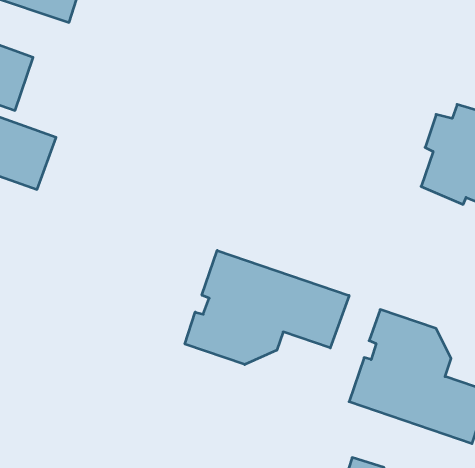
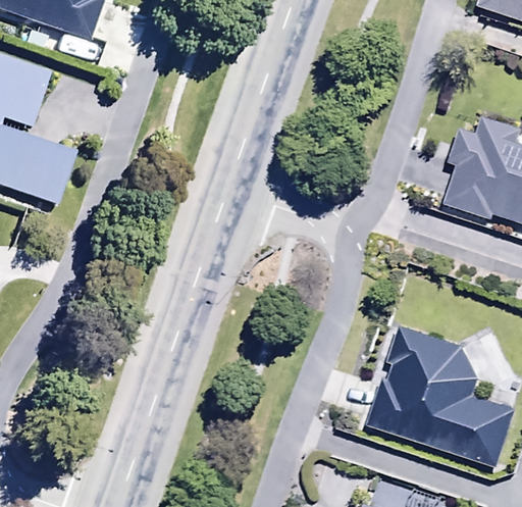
building: [185,250,349,365] -> none

